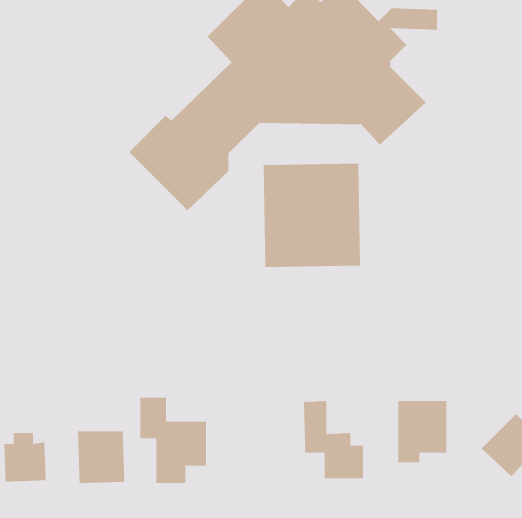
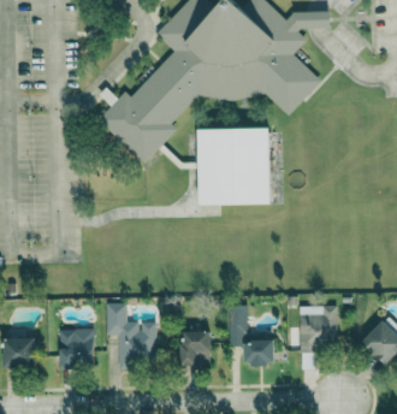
building: none -> [180,331,211,366]

